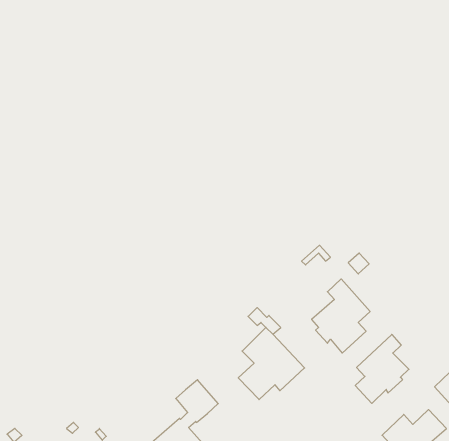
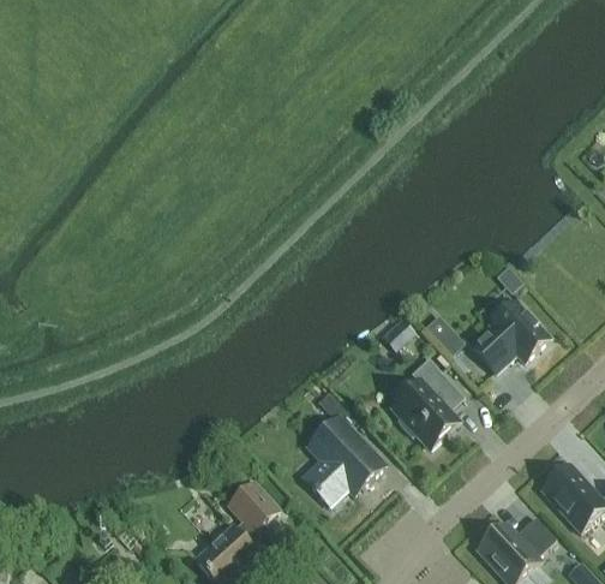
building: none -> [471,300,547,370]
building: [355,334,409,403] -> none

